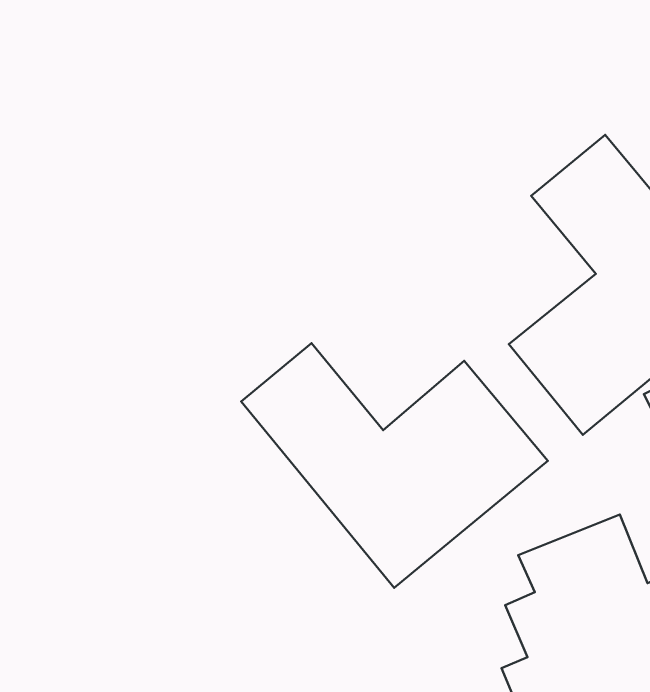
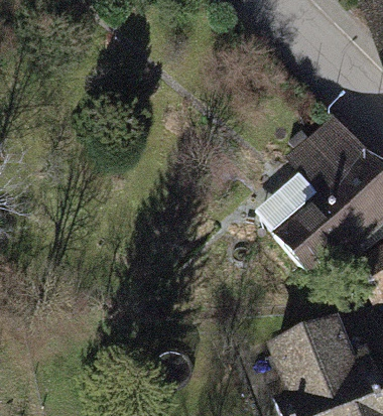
building: [241,343,548,588] -> none

